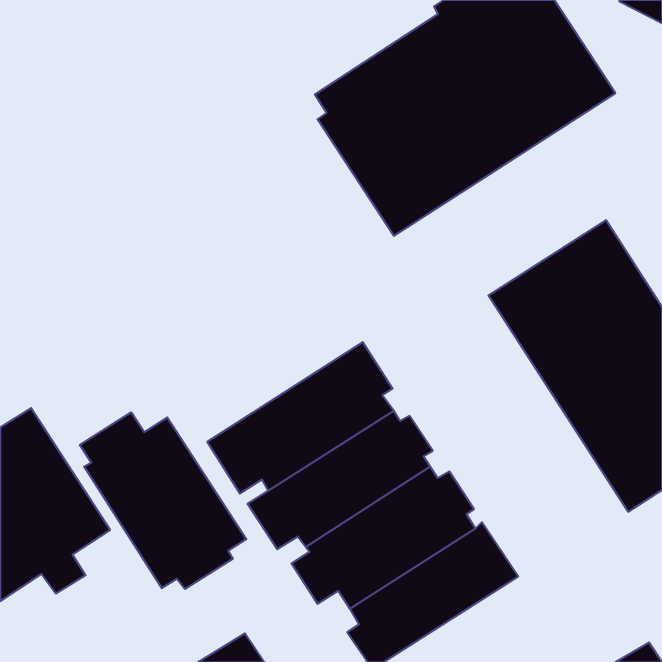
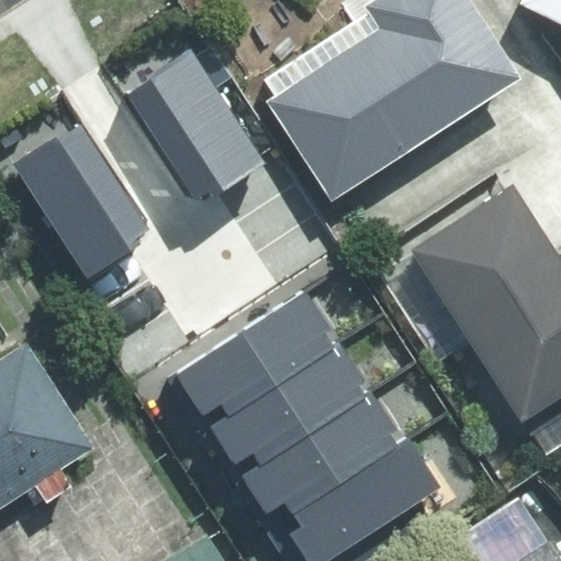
building: none -> [126,50,264,198]
building: none -> [15,123,149,278]
building: [80,412,246,589] -> none

